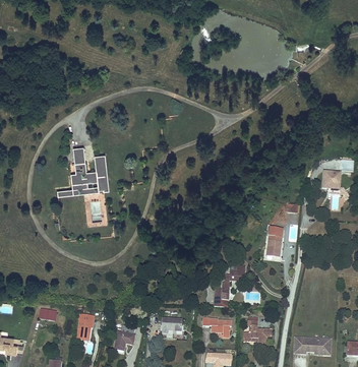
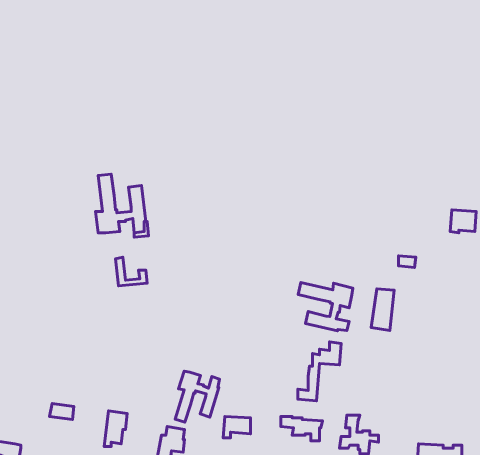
building: none -> [298,282,353,331]
building: none -> [175,371,219,422]

